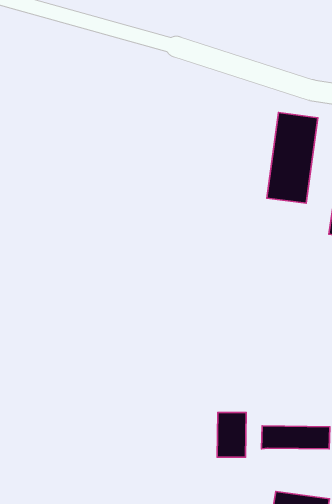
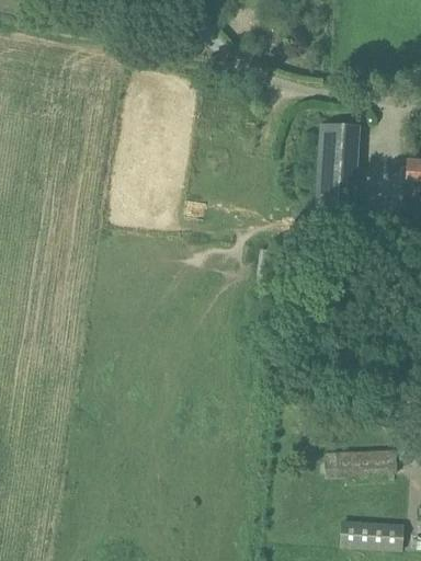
building: [217,412,246,457] -> none

